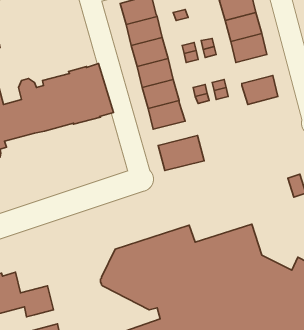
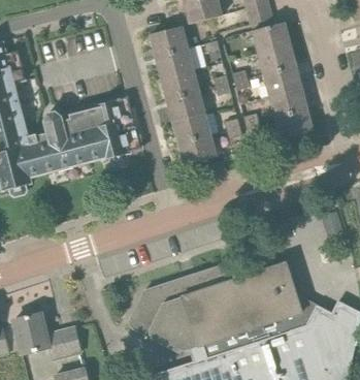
building: none -> [268,87,306,117]
building: [158,136,204,171] -> none

